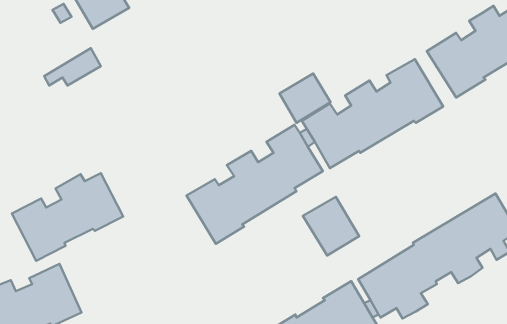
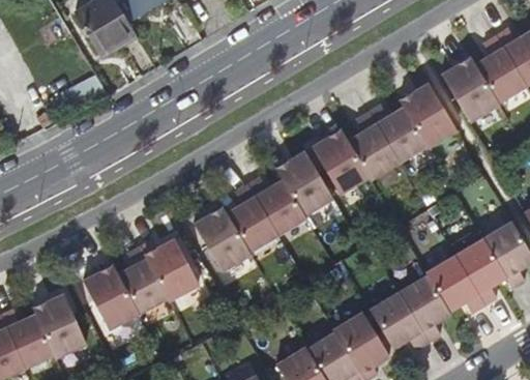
building: [280,74,331,123] -> none
building: [12,173,123,261] -> [83,239,197,329]
building: [303,197,359,256] -> none

